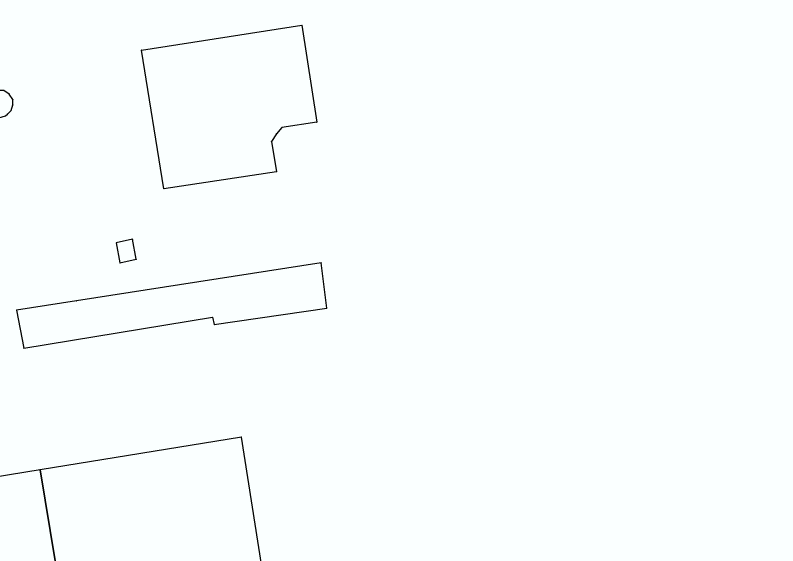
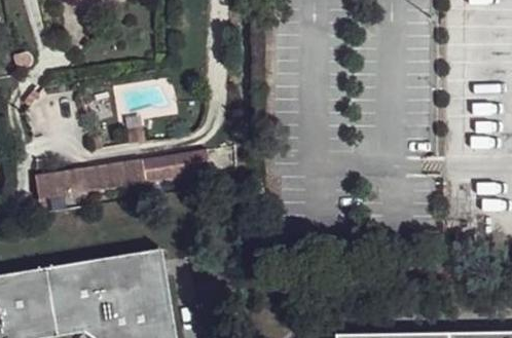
building: [142,25,317,189] -> none

